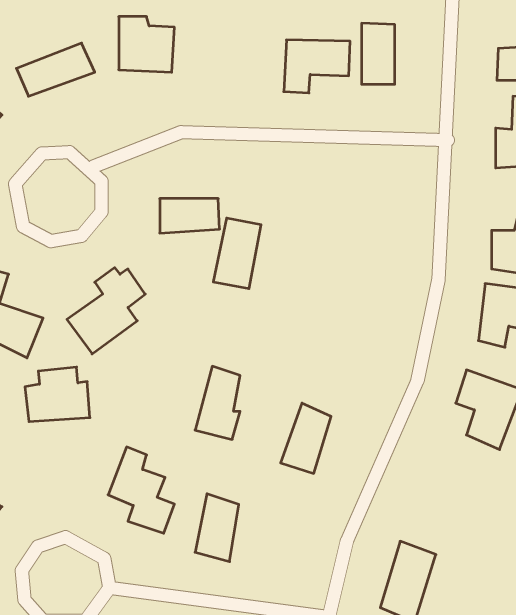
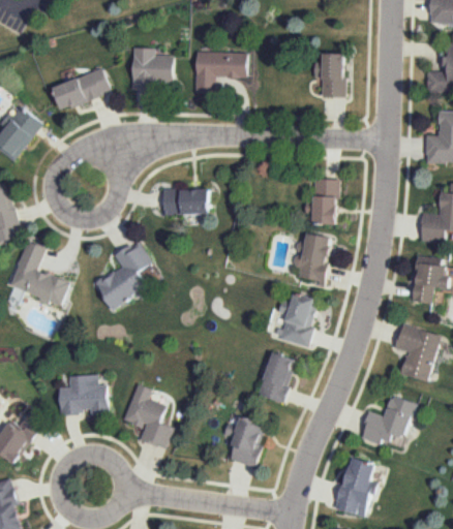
building: [284,40,350,93] -> [193,50,245,91]
building: none -> [310,178,337,224]
building: [213,218,261,289] -> [295,231,332,286]
building: [195,366,240,439] -> [279,290,314,347]
building: [25,367,90,422] -> [57,371,108,413]
building: none -> [361,394,419,450]
building: [195,494,239,562] -> [229,415,263,468]

